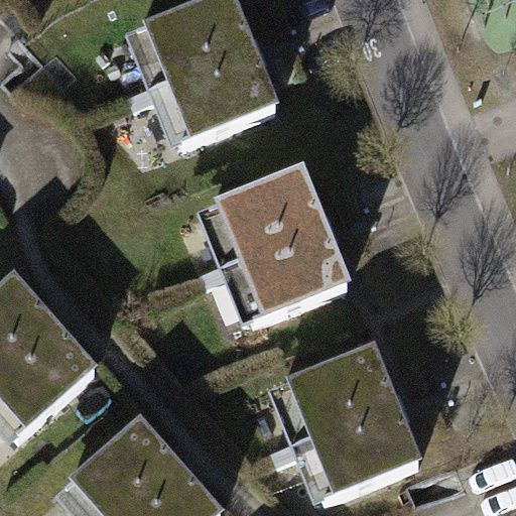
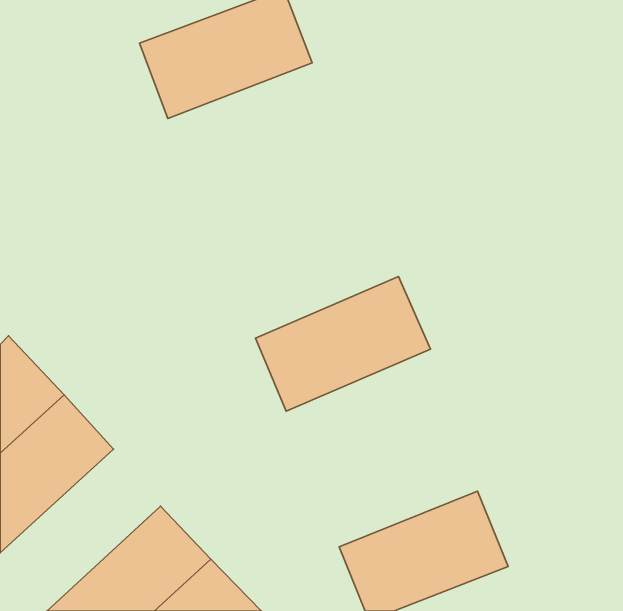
building: [143,51,285,157] -> none
building: [188,166,332,276] -> none
building: [259,341,396,446] -> none

